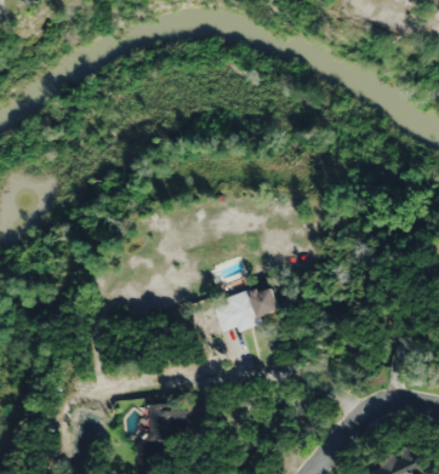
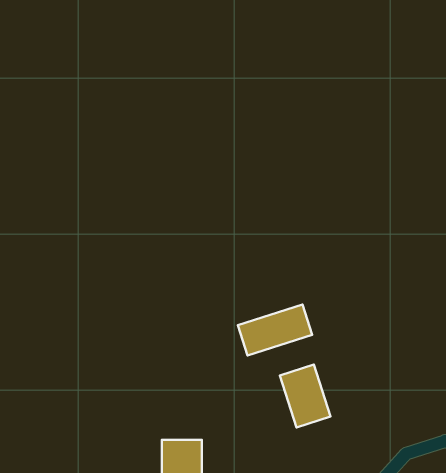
building: none -> [280,365,330,427]

